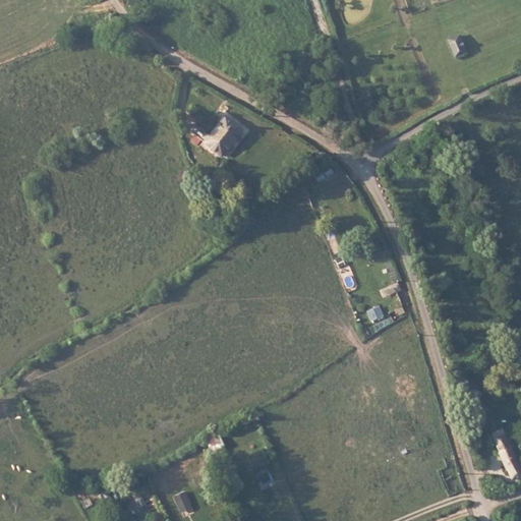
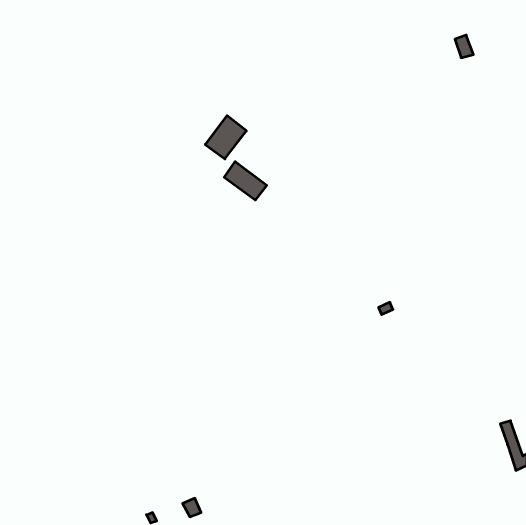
building: none -> [224,162,267,200]

